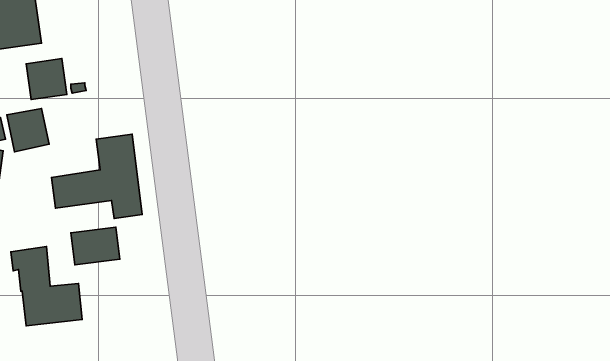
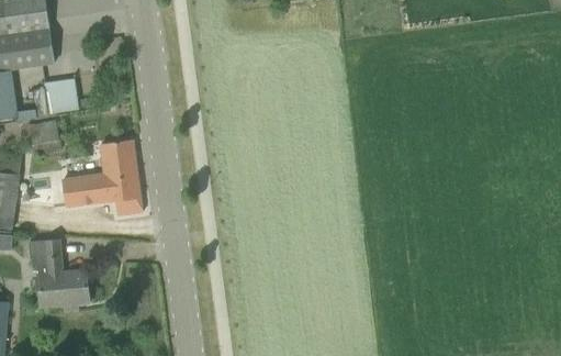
building: [71,227,120,265] -> none

